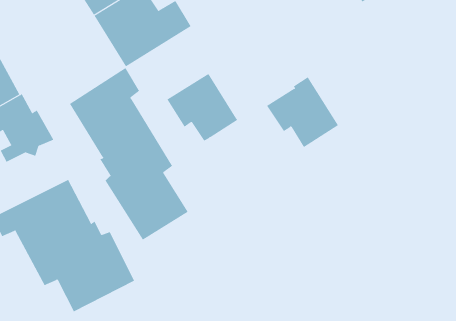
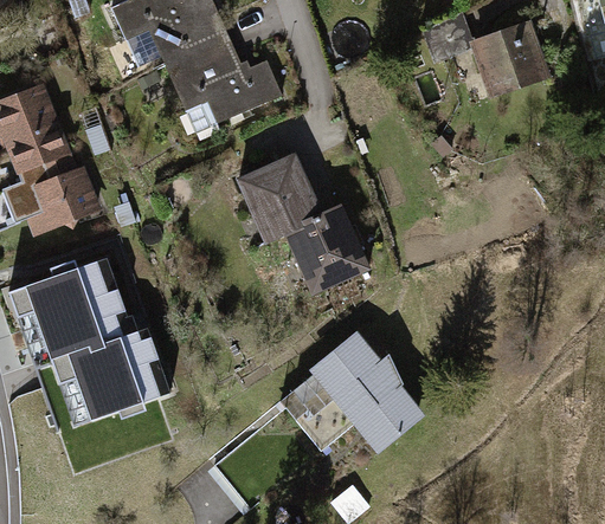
building: [69,67,188,241] -> none
building: [266,76,339,148] -> [284,203,368,289]
building: none -> [279,338,418,451]

